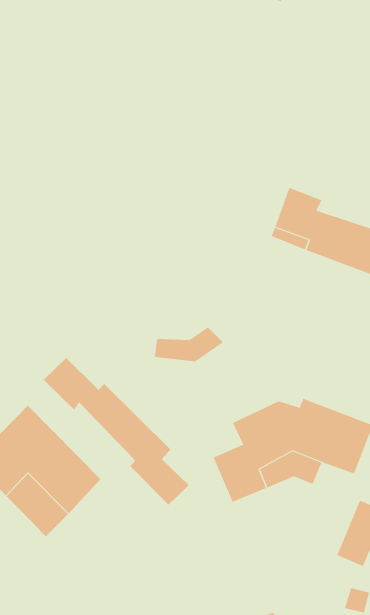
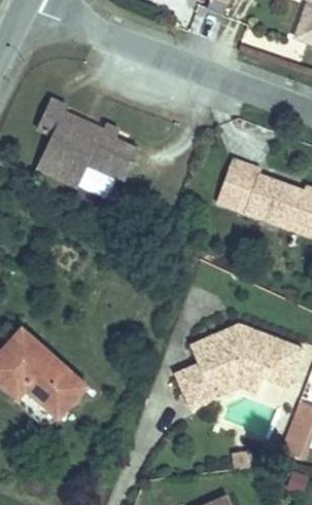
building: none -> [45,109,144,190]
building: [154,326,224,362] -> none
building: [43,357,190,506] -> none

